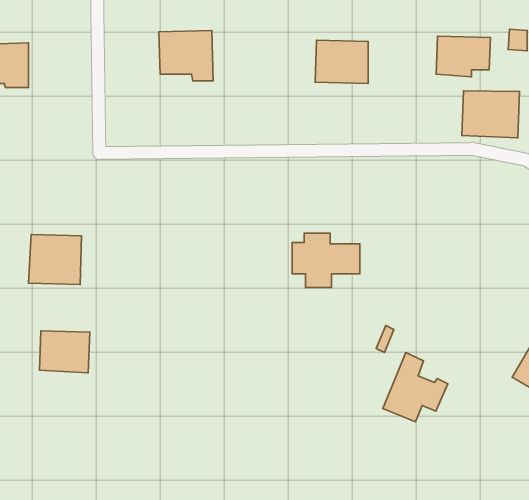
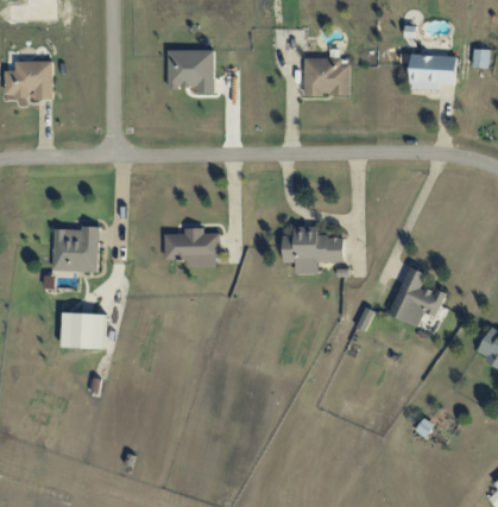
building: [462,91,519,138] -> none
building: none -> [164,228,219,267]
building: [383,353,448,422] -> [389,266,446,327]

